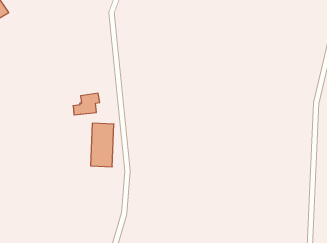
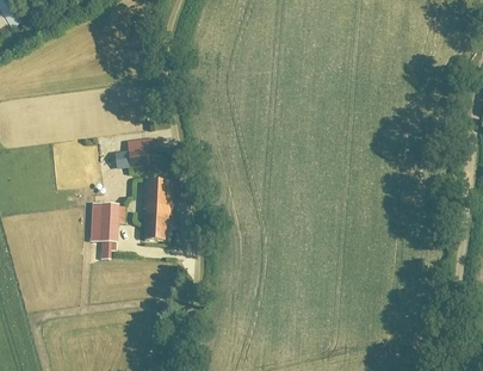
building: none -> [92,203,128,241]

